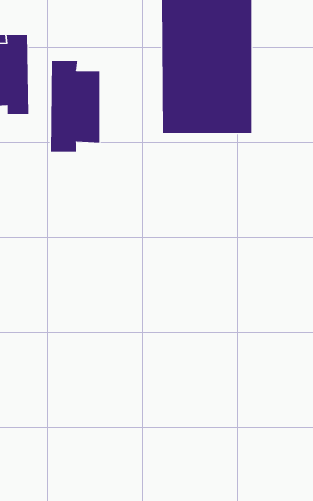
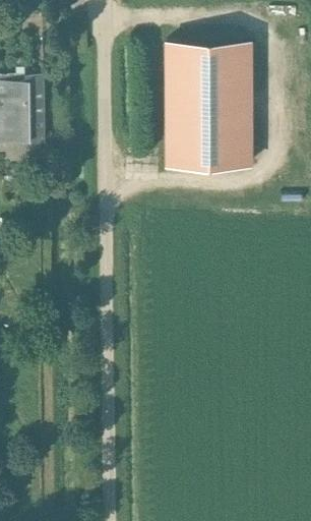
building: [50,60,100,152] -> none

